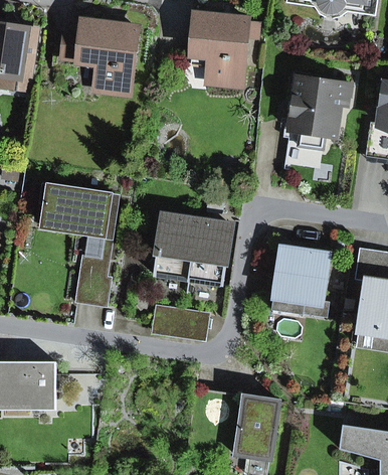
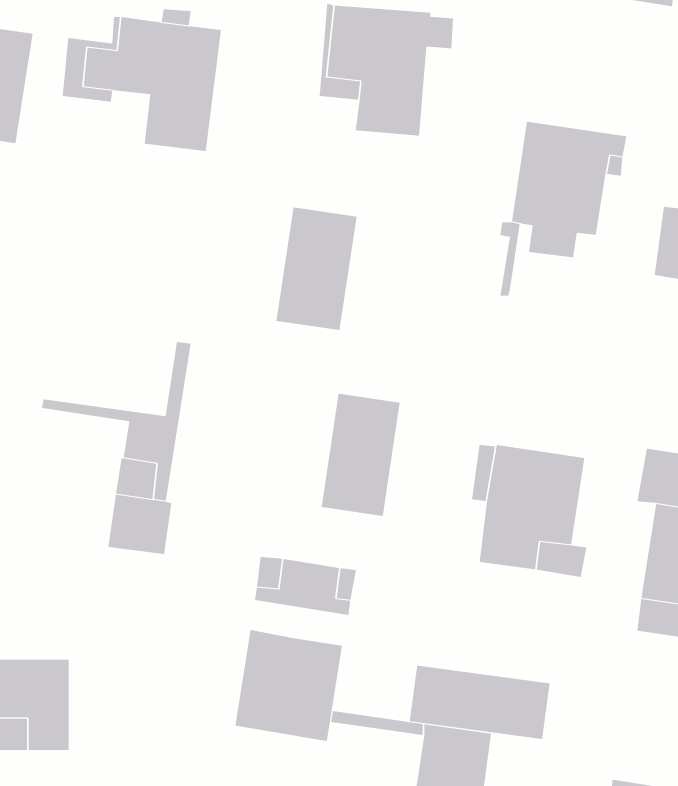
building: [42,181,113,230] -> none
building: [155,213,198,279] -> [276,207,357,331]
building: none -> [235,629,343,742]
building: none -> [409,665,550,740]

